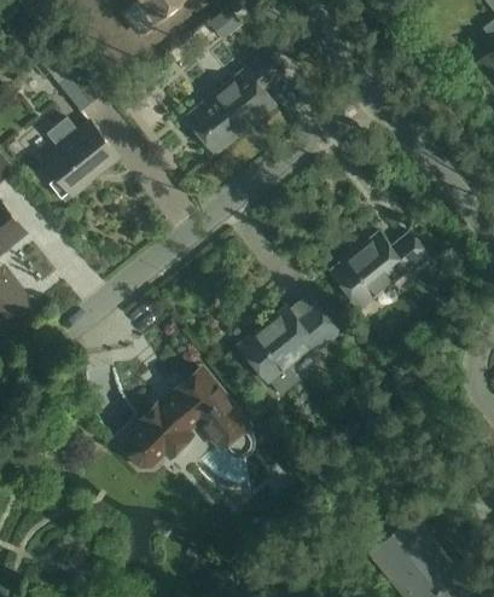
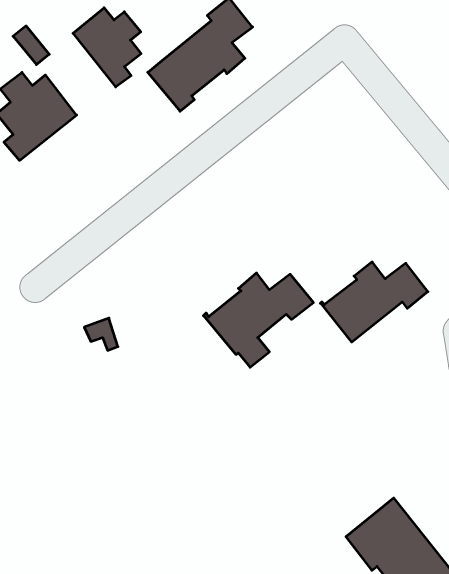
building: none -> [73,8,141,87]
building: [330,232,430,307] -> [320,262,428,342]
building: [112,369,252,483] -> none

